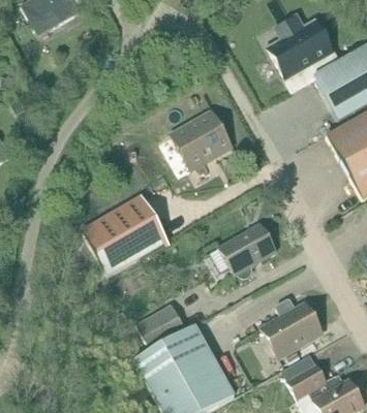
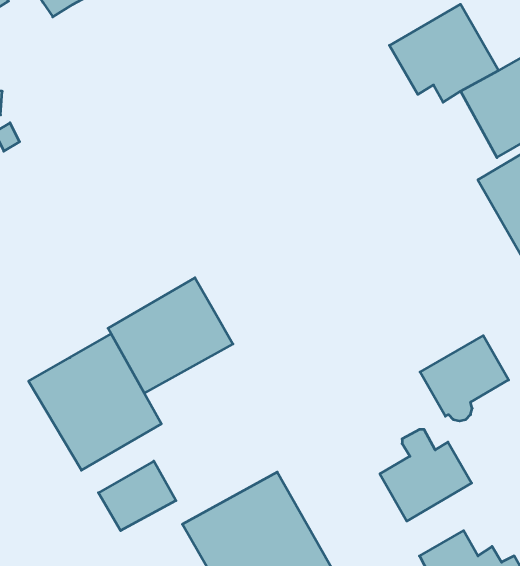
building: [173,113,228,167] -> none
building: [218,222,276,278] -> [420,336,509,421]
building: none -> [29,334,161,470]
building: [135,303,186,348] -> [98,461,176,531]

